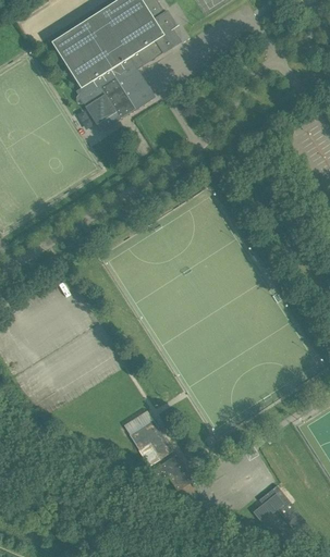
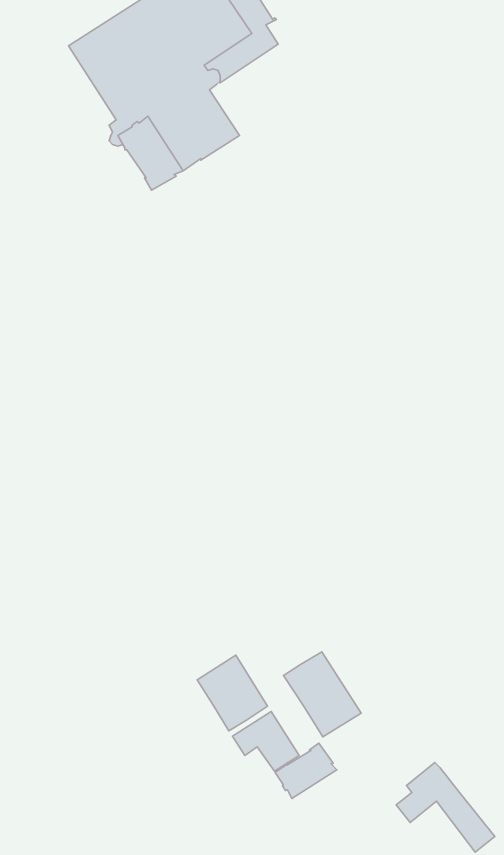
building: none -> [284,652,361,737]
building: none -> [275,743,337,799]

